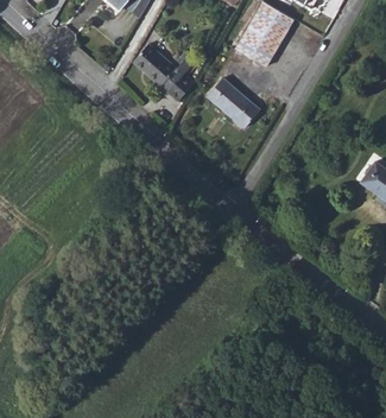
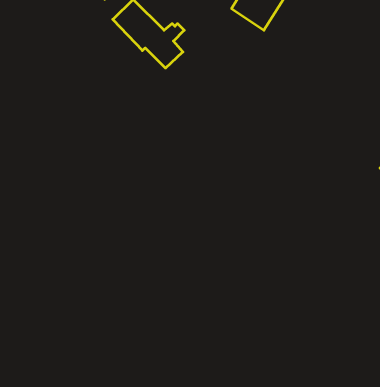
building: [209,80,261,128] -> none

